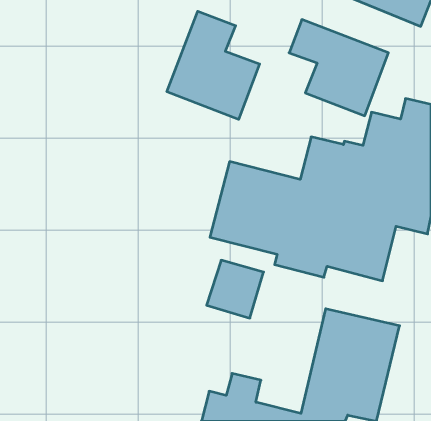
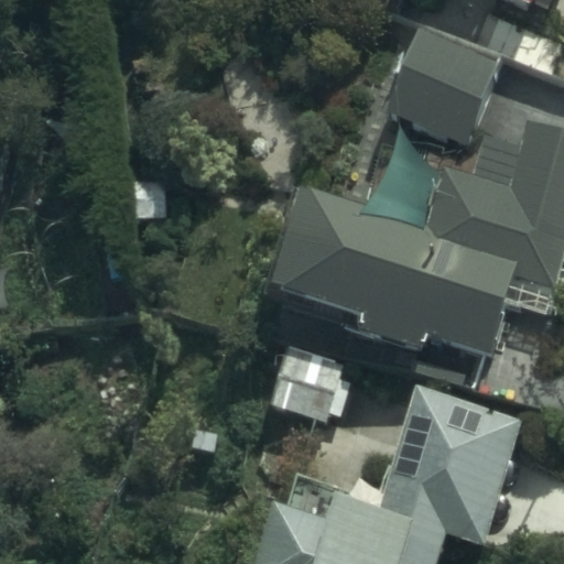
building: [167,11,260,119] -> none

